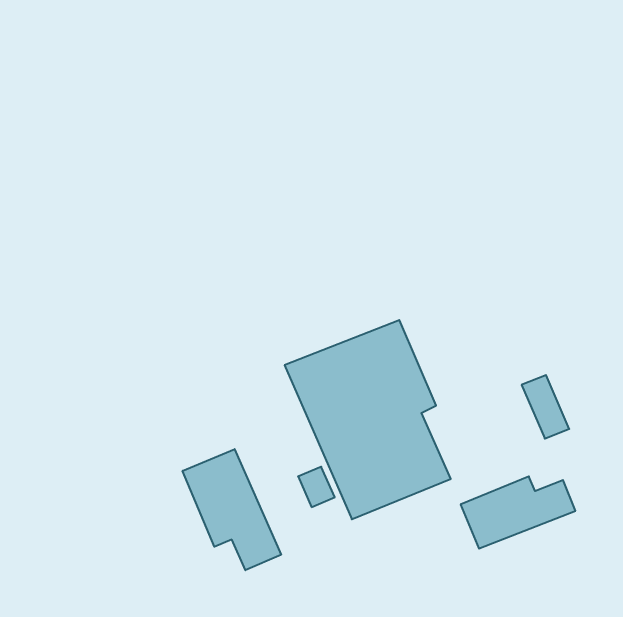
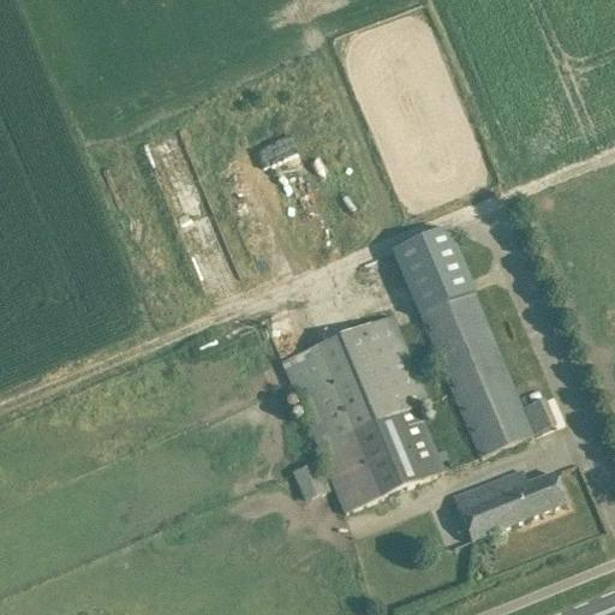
building: none -> [392,226,532,454]
building: [183,449,281,570] -> none

